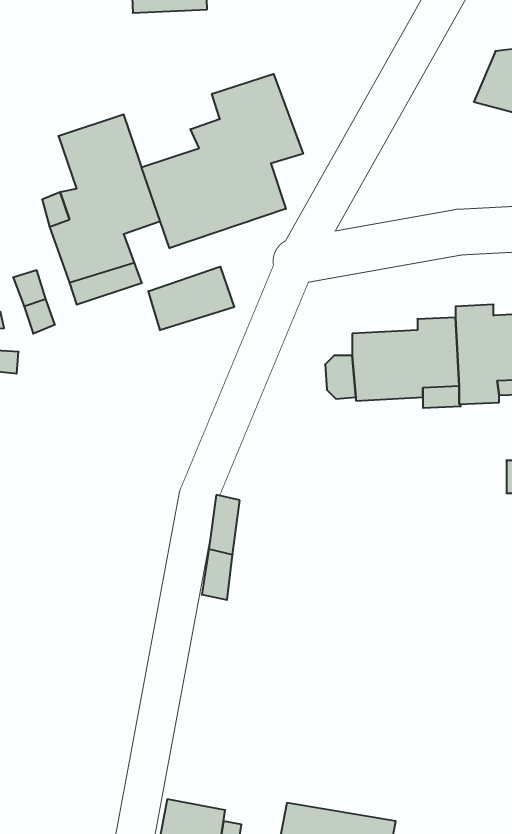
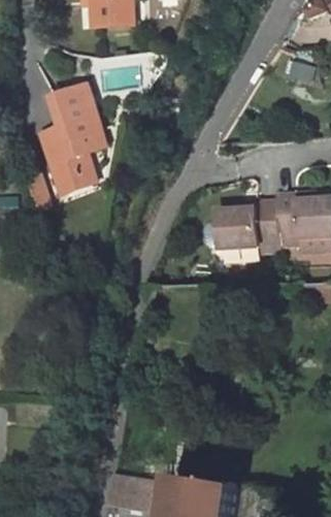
building: [142,74,303,248] -> none
building: [148,267,234,330] -> none

